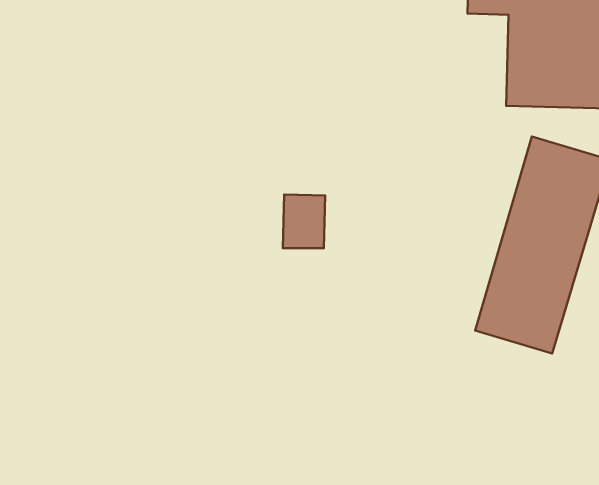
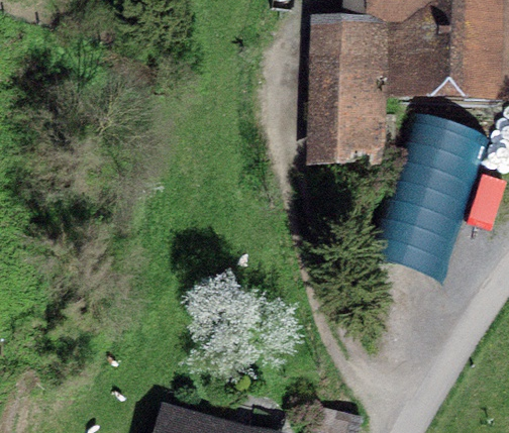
building: none -> [315,33,369,157]

